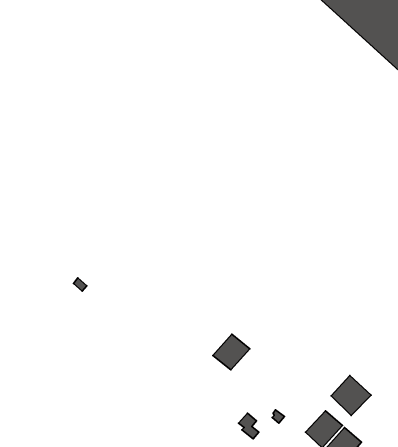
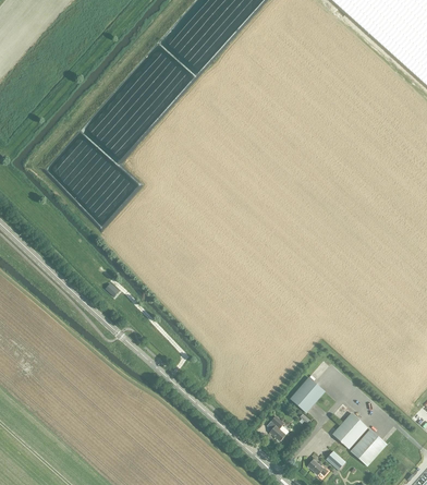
building: [213,334,250,370] -> [292,377,328,412]
building: [331,375,371,415] -> none

